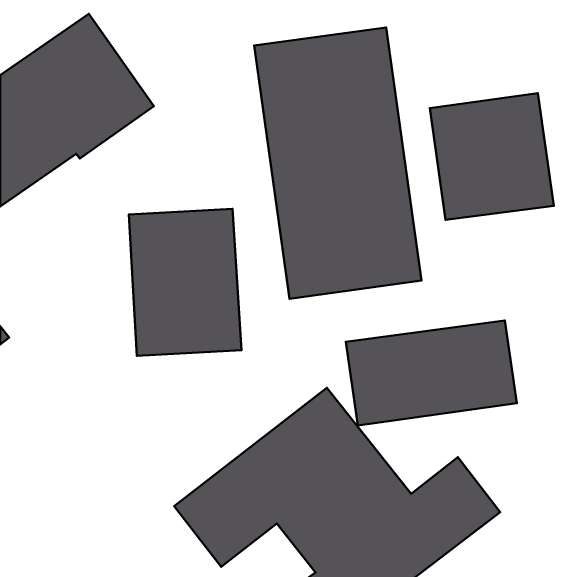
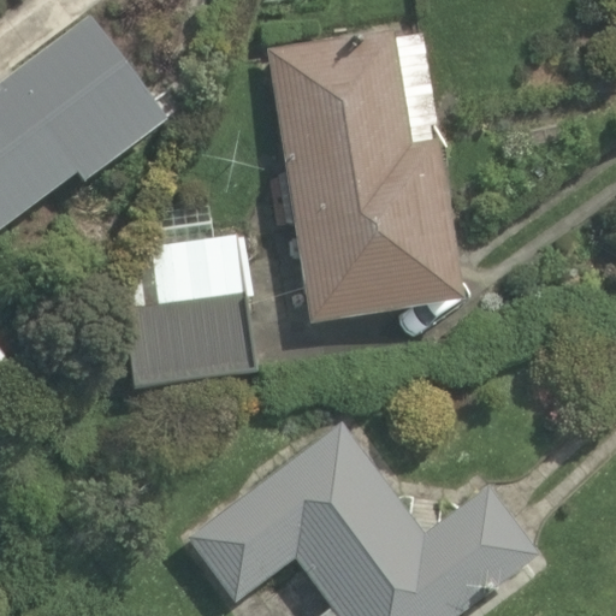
building: [430,93,554,220] -> none
building: [346,320,517,426] -> none

